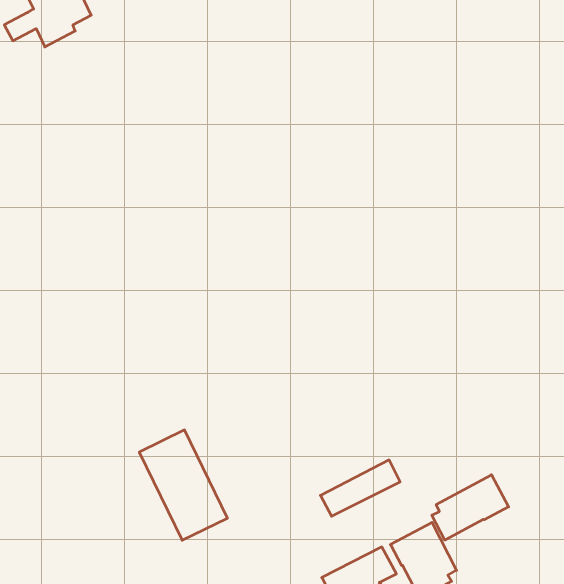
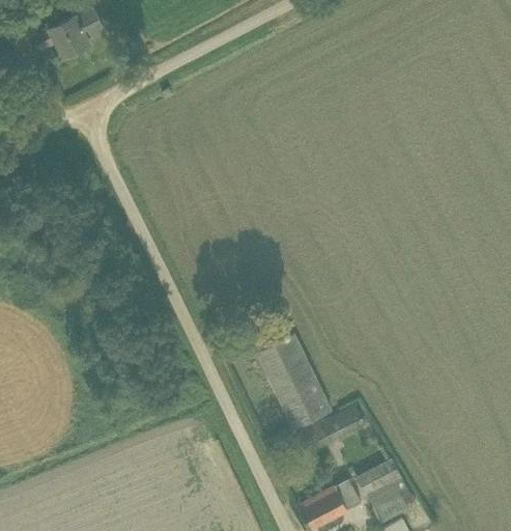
building: [139,430,227,540] -> [257,335,332,428]
building: [432,475,509,540] -> none

